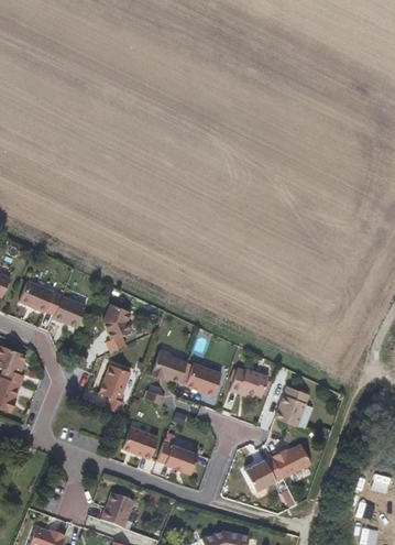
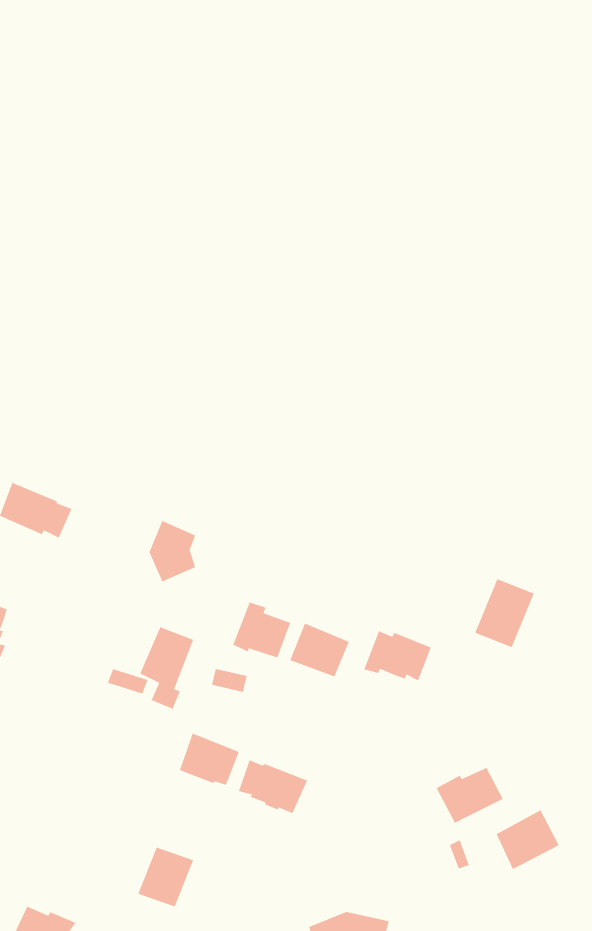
building: [52,295,86,327] -> none
building: [275,388,310,428] -> [474,578,535,648]
building: [245,458,283,493] -> [495,809,560,870]

